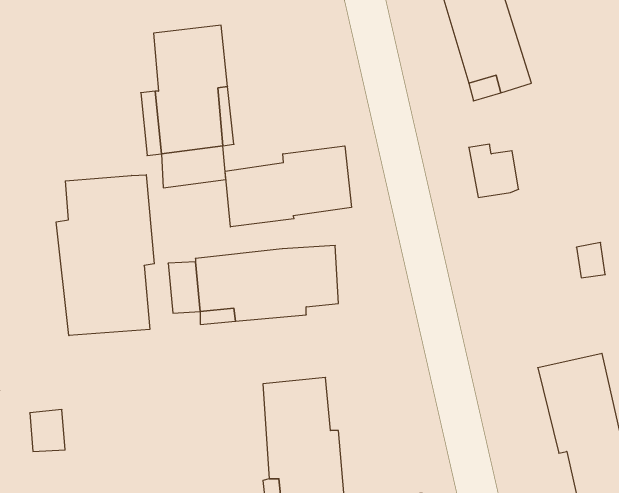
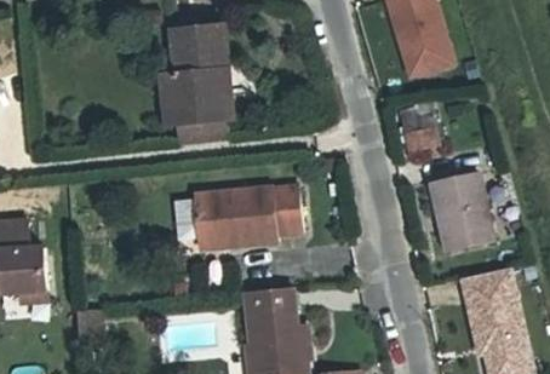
building: [225,146,351,227] -> none
building: [56,175,154,336] -> none
building: none -> [429,172,486,248]

